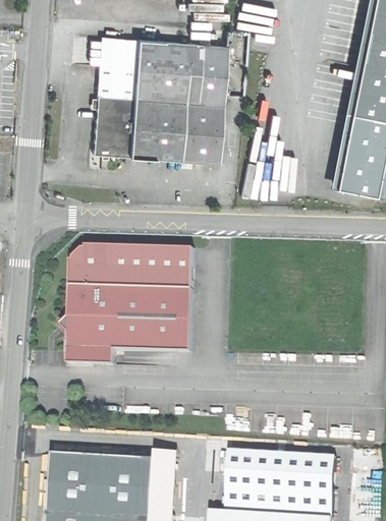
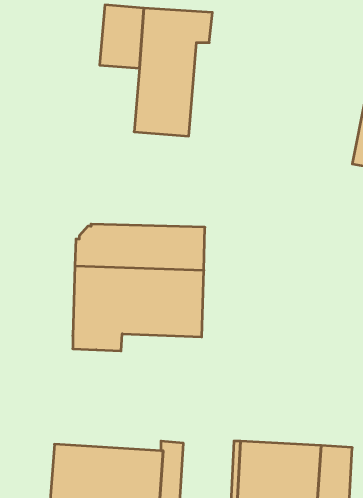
building: [180,44,225,163] -> none
building: [91,94,133,157] -> none

